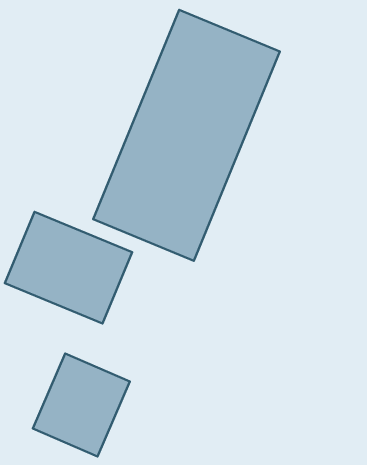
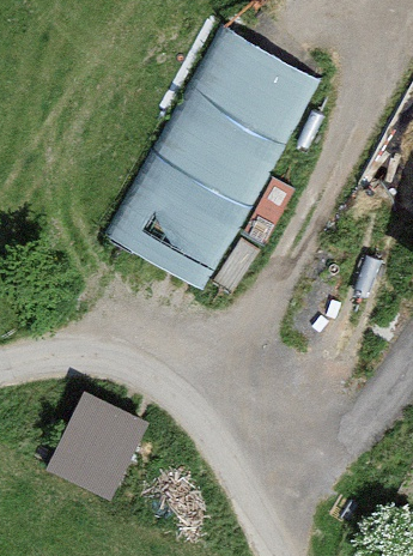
building: [5,212,132,324] -> none

